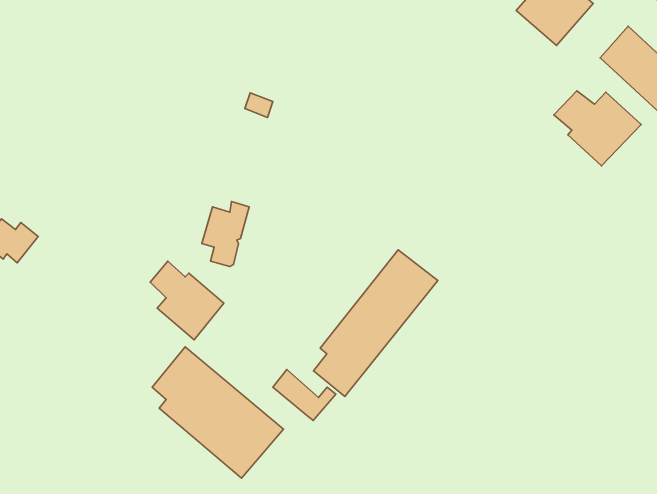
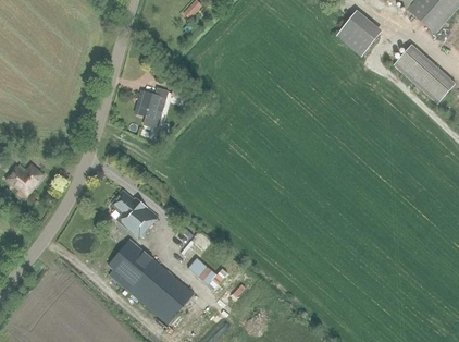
building: [554,91,641,166] -> none
building: [202,202,249,266] -> [138,87,168,127]
building: [314,250,438,396] -> none

